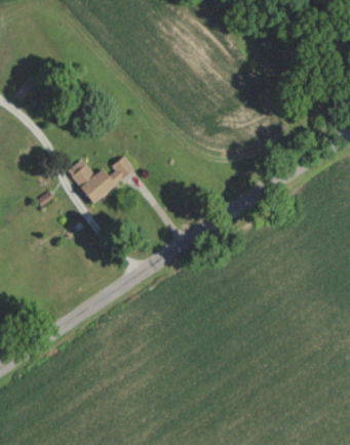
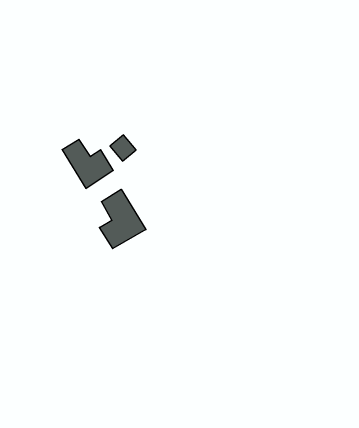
building: none -> [99,189,146,249]

